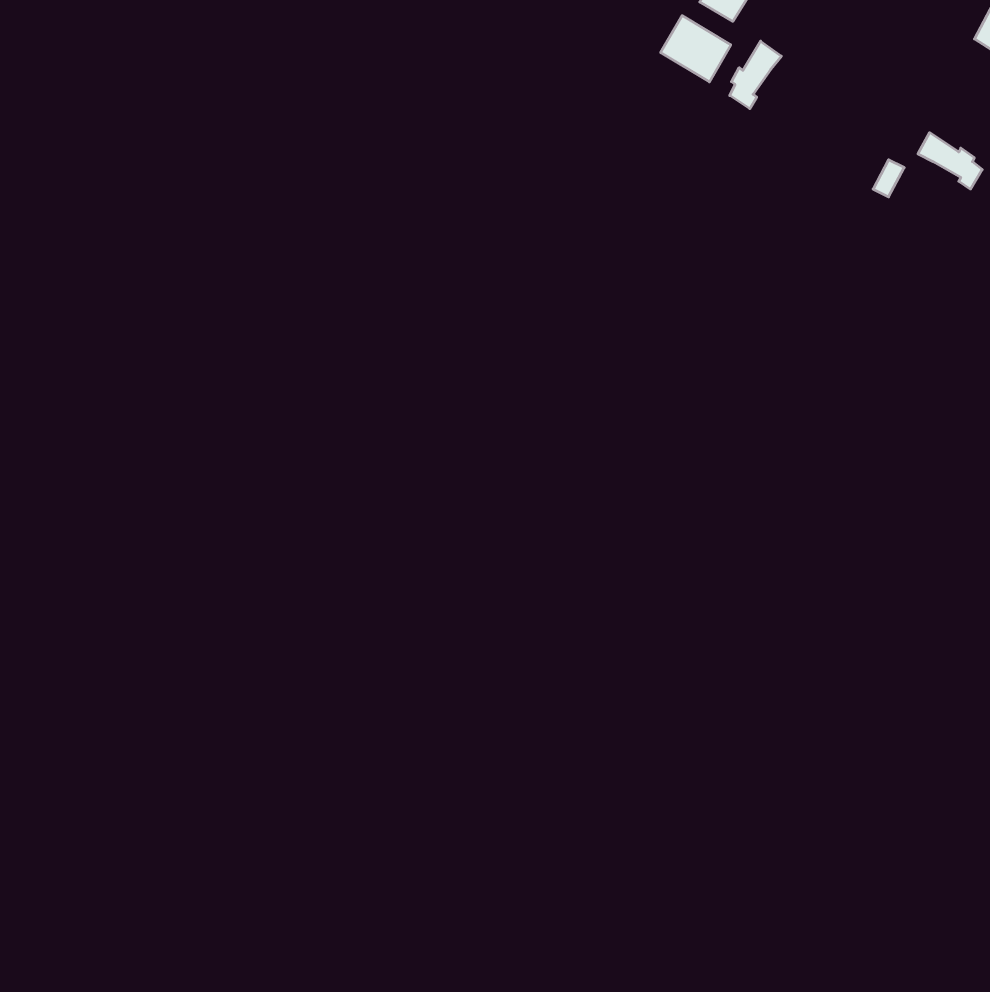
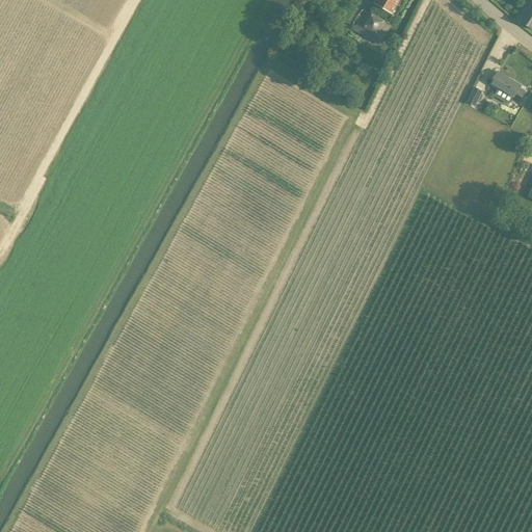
building: [730,41,781,109] -> none

